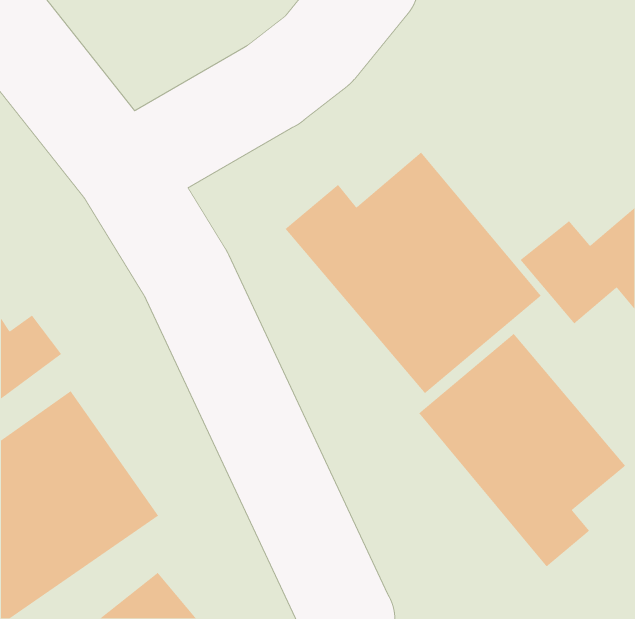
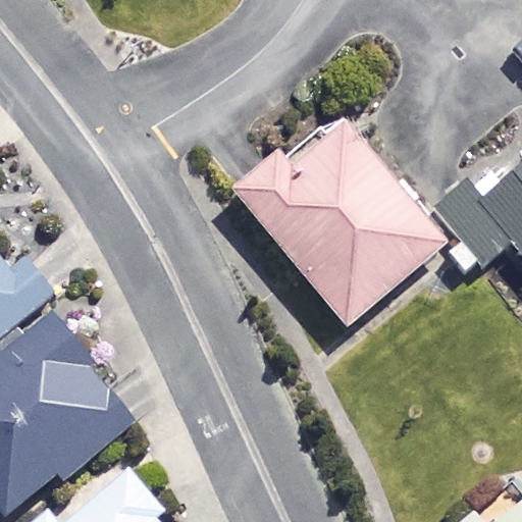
building: [418,333,626,568] -> none

